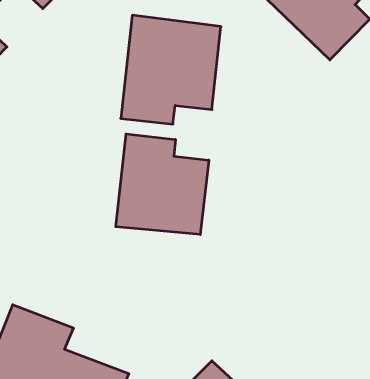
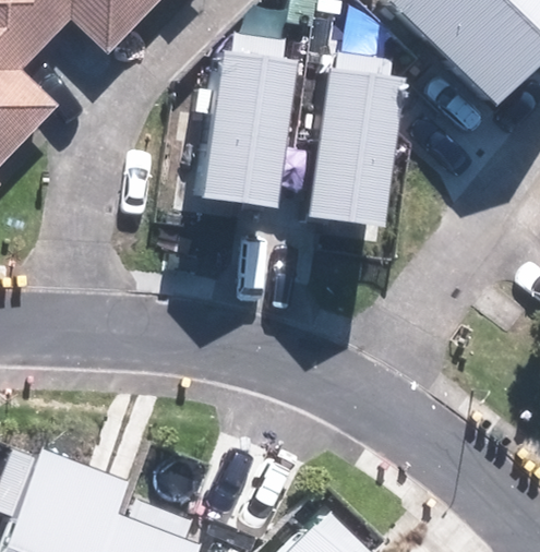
building: none -> [322,77,434,226]
building: [116,134,209,235] -> none

